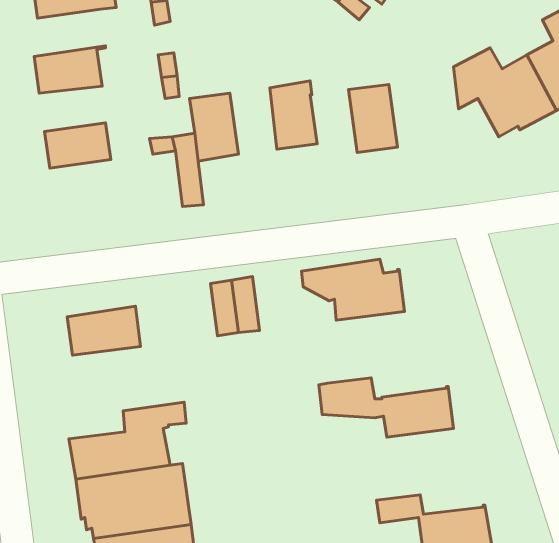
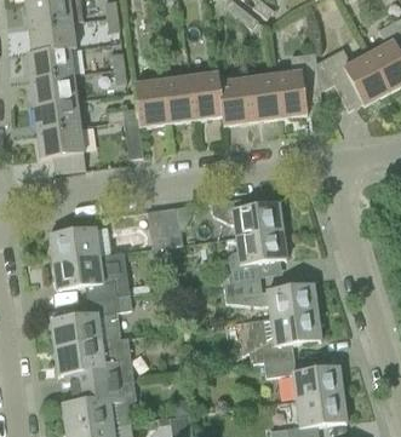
building: none -> [25,22,75,54]
building: none -> [271,52,321,117]
building: none -> [29,75,75,107]
building: none -> [161,76,194,122]
building: none -> [217,77,250,125]
building: none -> [36,126,85,172]
building: none -> [223,231,286,281]
building: none -> [52,252,130,300]
building: none -> [248,312,321,363]

